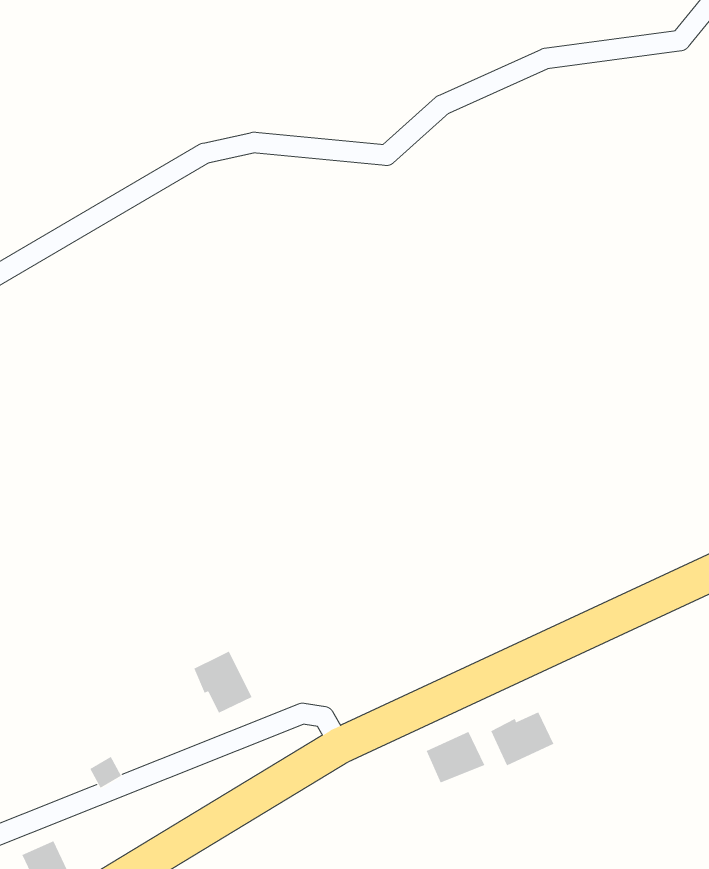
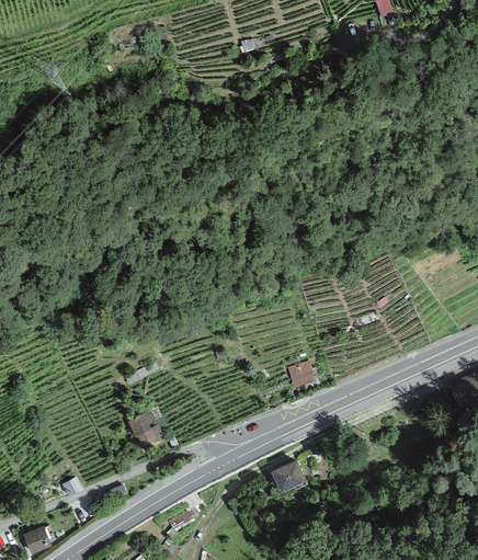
building: none -> [286,361,315,387]
building: [491,712,554,766] -> none

